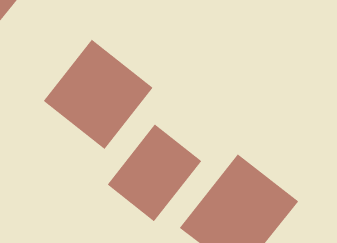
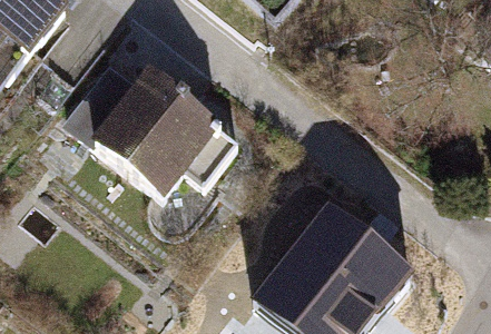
building: [107,124,202,222] -> none

